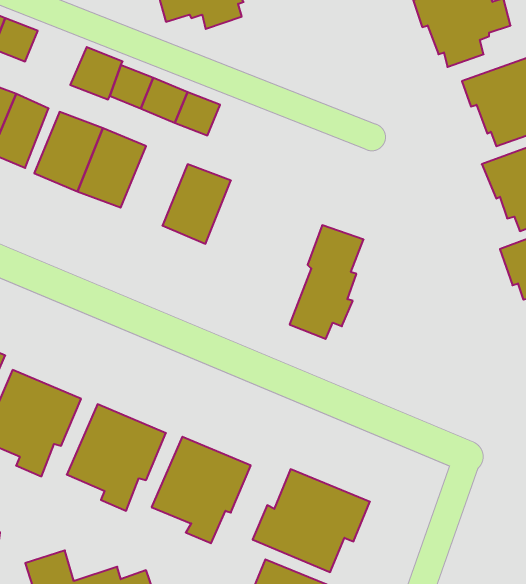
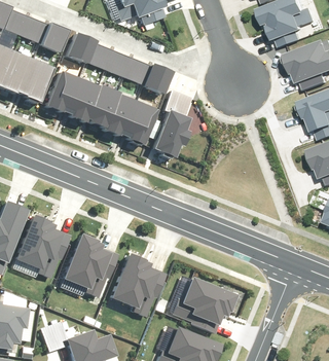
building: none -> [39,23,68,52]
building: none -> [143,64,173,95]
building: none -> [95,89,133,135]
building: [290,225,364,339] -> [153,88,195,153]

